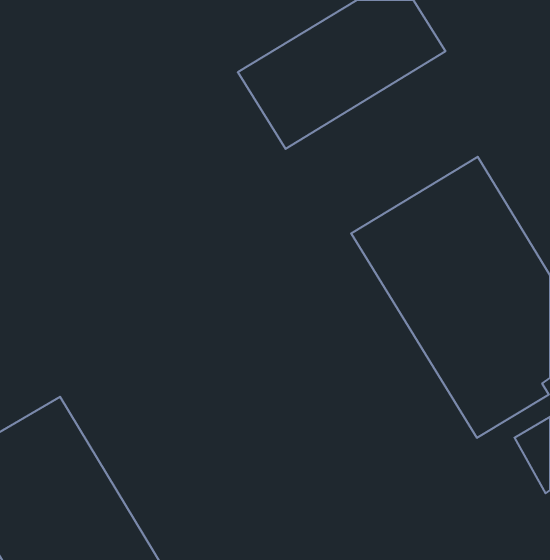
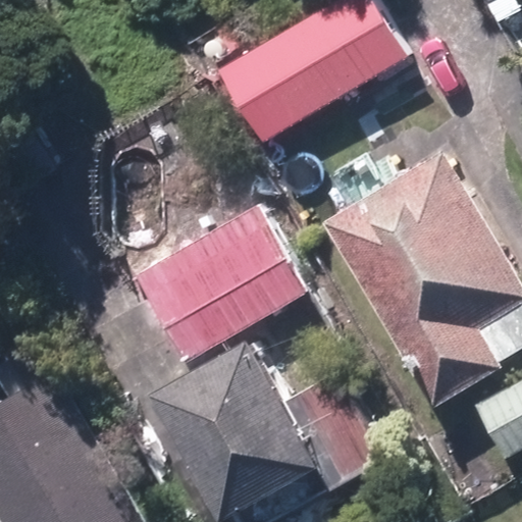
building: none -> [132,210,305,365]
building: none -> [160,336,382,512]

